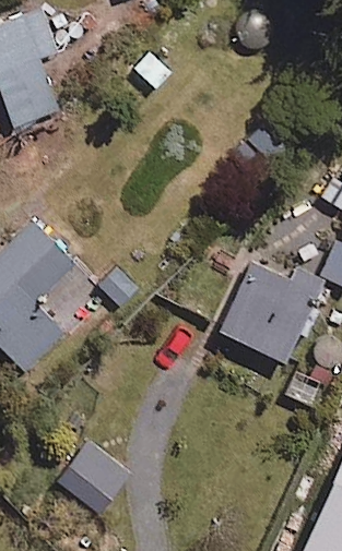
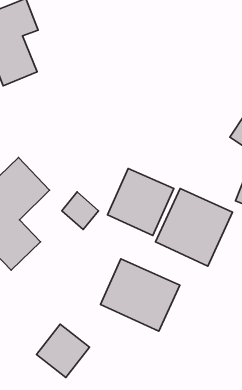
building: none -> [108,168,174,235]
building: none -> [100,259,180,331]

